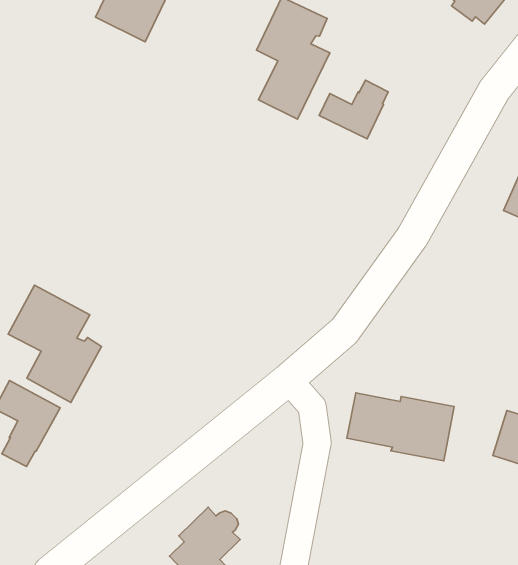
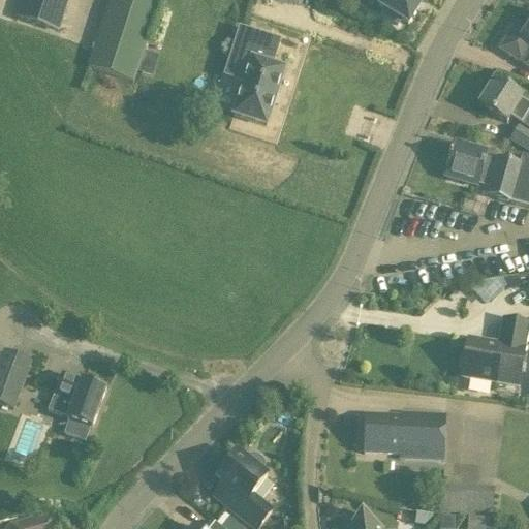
building: [319,80,388,139] -> none
building: [8,285,102,402] -> none
building: [347,393,454,461] -> [363,410,446,458]

